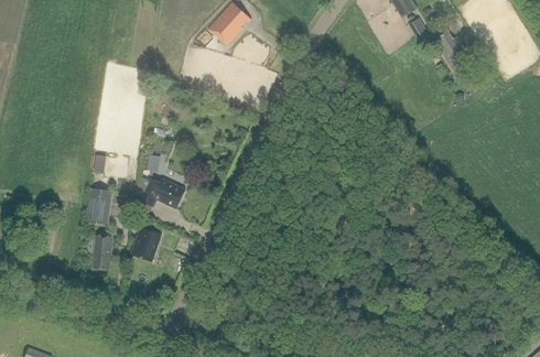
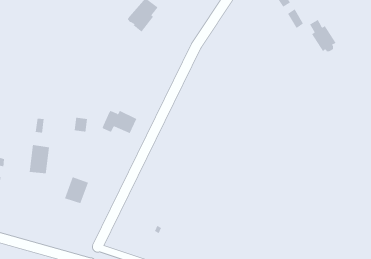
building: [140,177,184,207] -> [102,110,137,134]
building: [93,234,112,269] -> none

